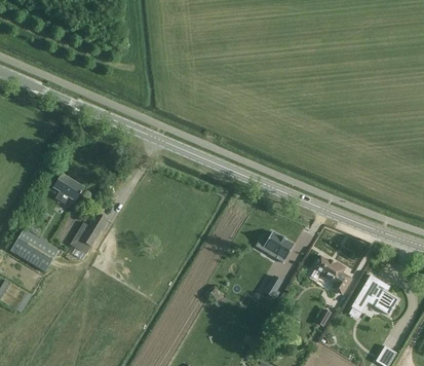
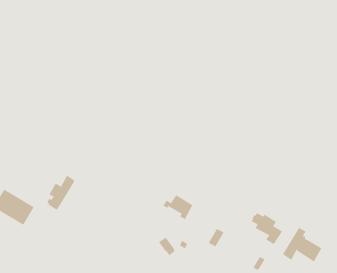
building: [53,174,83,204] -> none
building: [257,232,293,262] -> [163,195,193,220]

